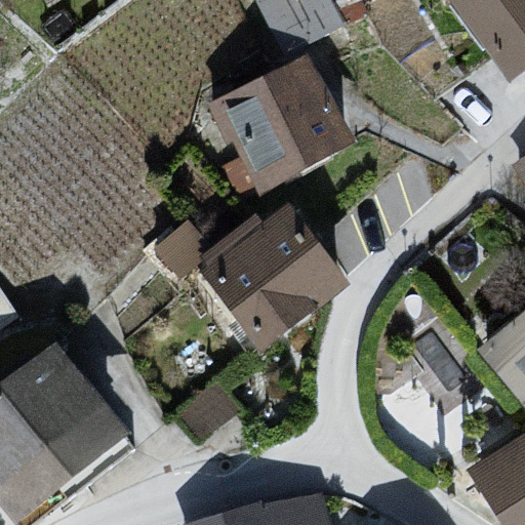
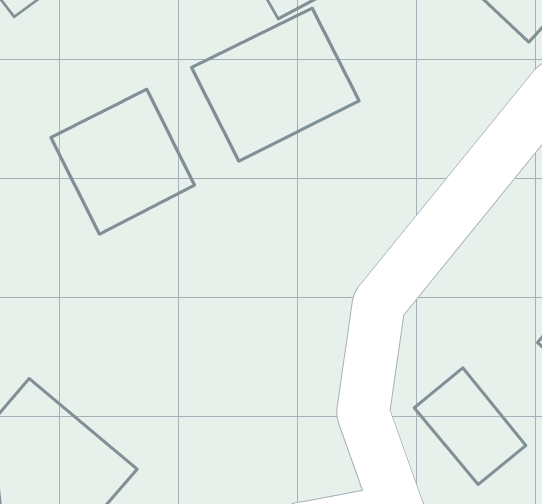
building: none -> [51,89,195,234]
building: [176,172,349,338] -> none

